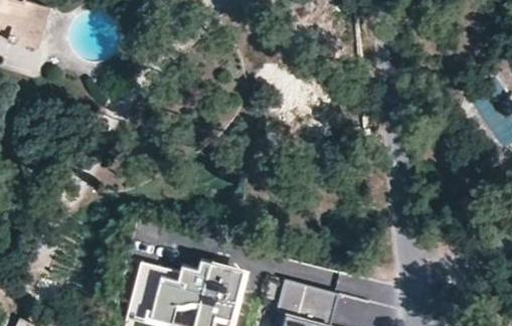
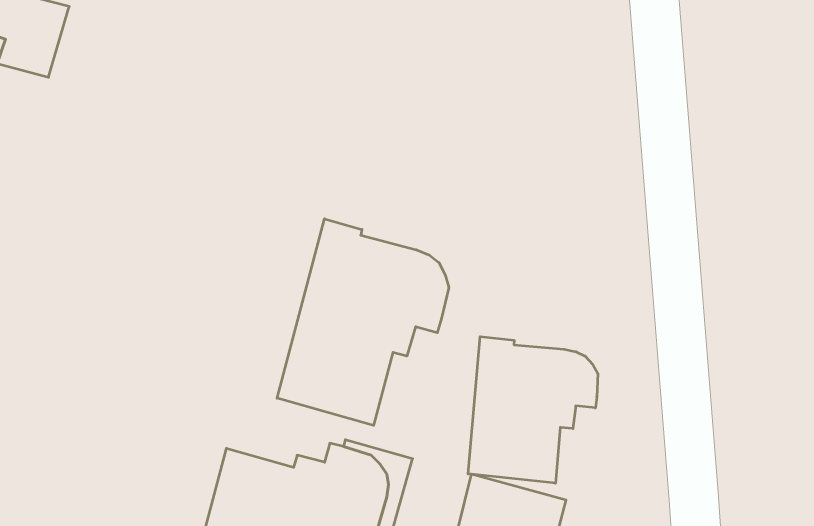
building: none -> [277,219,449,425]
building: none -> [468,337,598,483]

